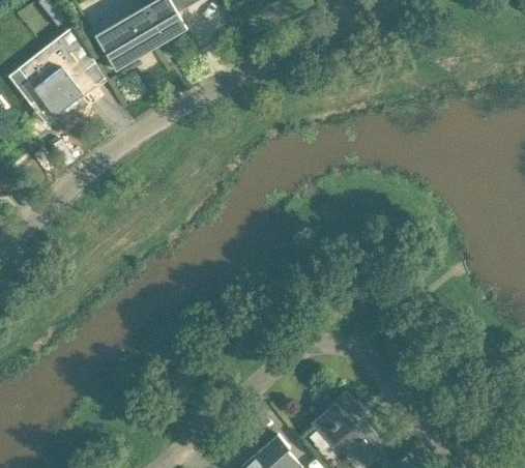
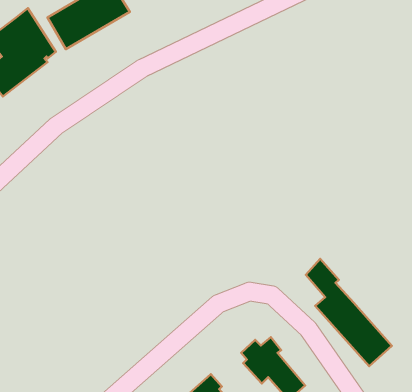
building: none -> [306,259,392,366]

